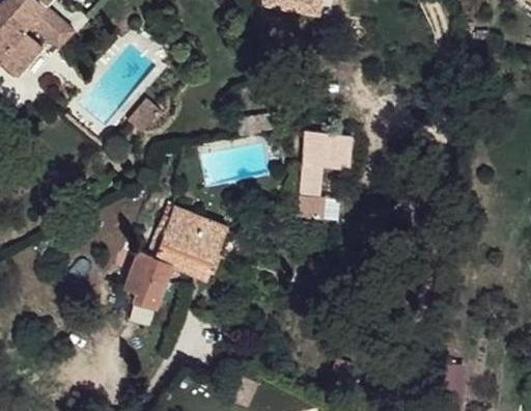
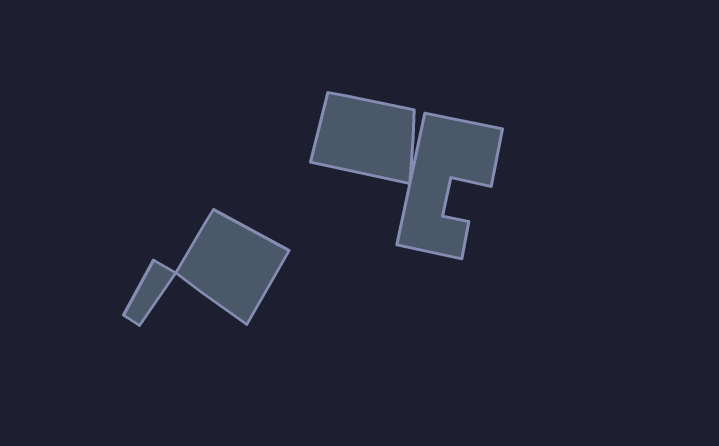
building: none -> [310,92,414,184]
building: [132,255,172,311] -> none

